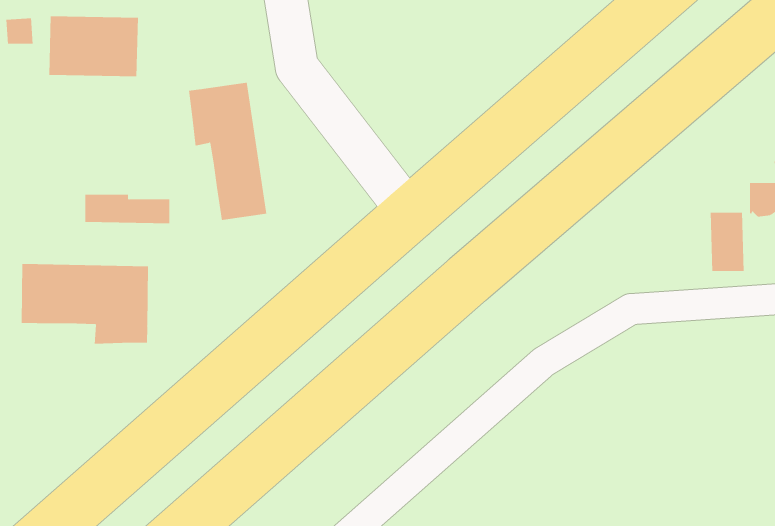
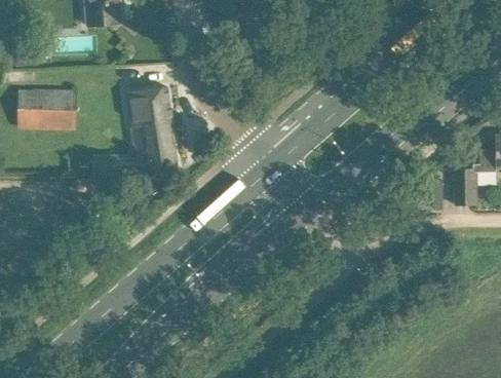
building: [48,16,139,77] -> [17,89,74,127]
building: [21,263,149,344] -> none

